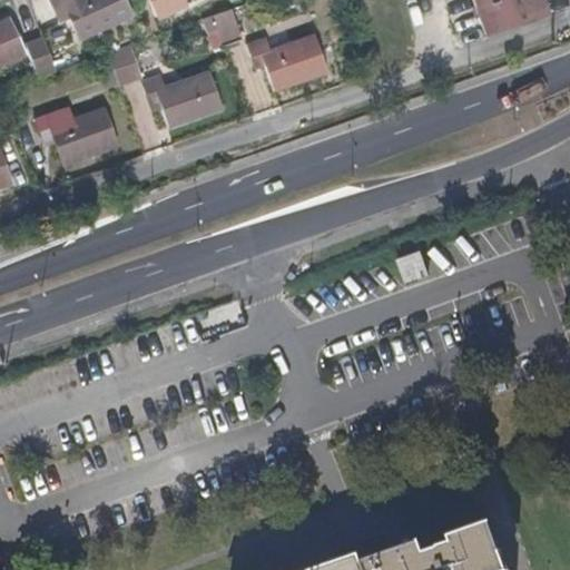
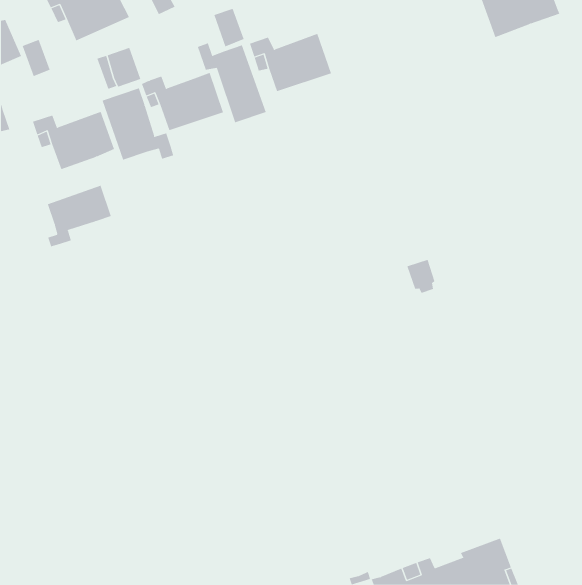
building: none -> [197,43,266,123]
building: none -> [102,88,174,160]
building: none -> [47,185,112,247]

